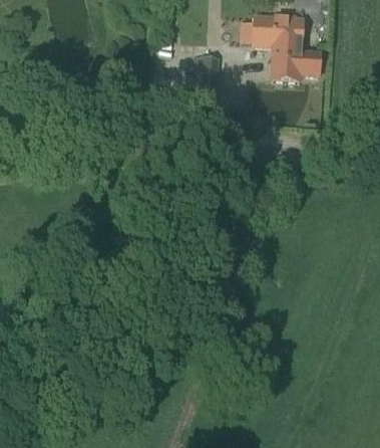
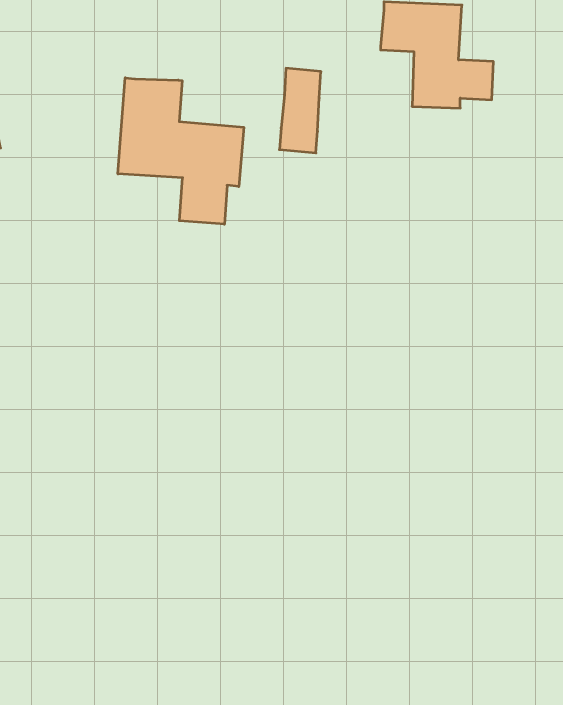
building: none -> [118,78,244,224]

